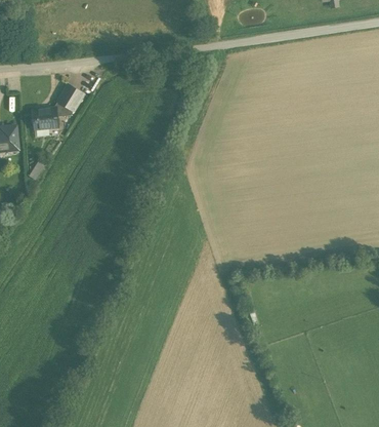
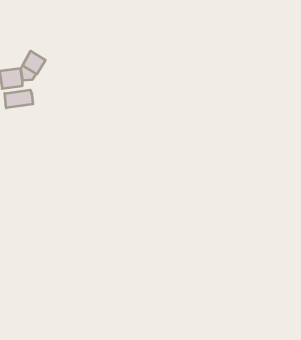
building: none -> [5,90,33,108]

